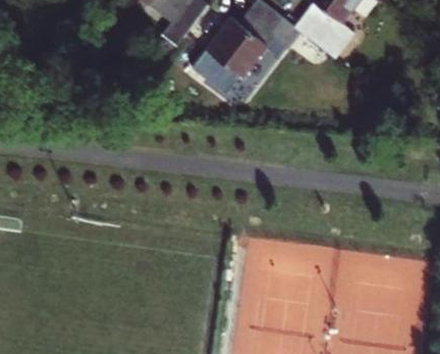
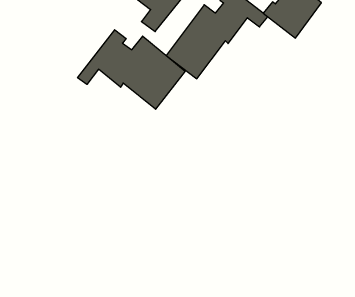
building: none -> [78,30,185,109]

